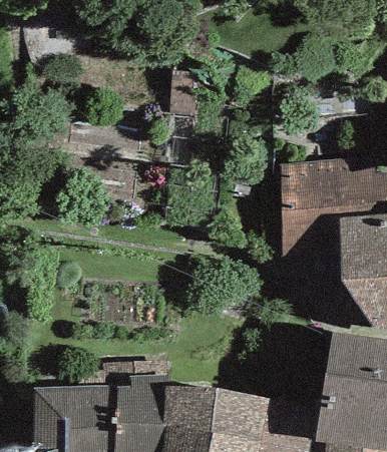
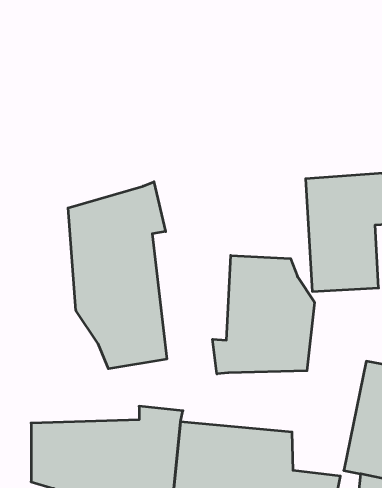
building: none -> [68,182,167,369]
building: none -> [213,255,314,374]

